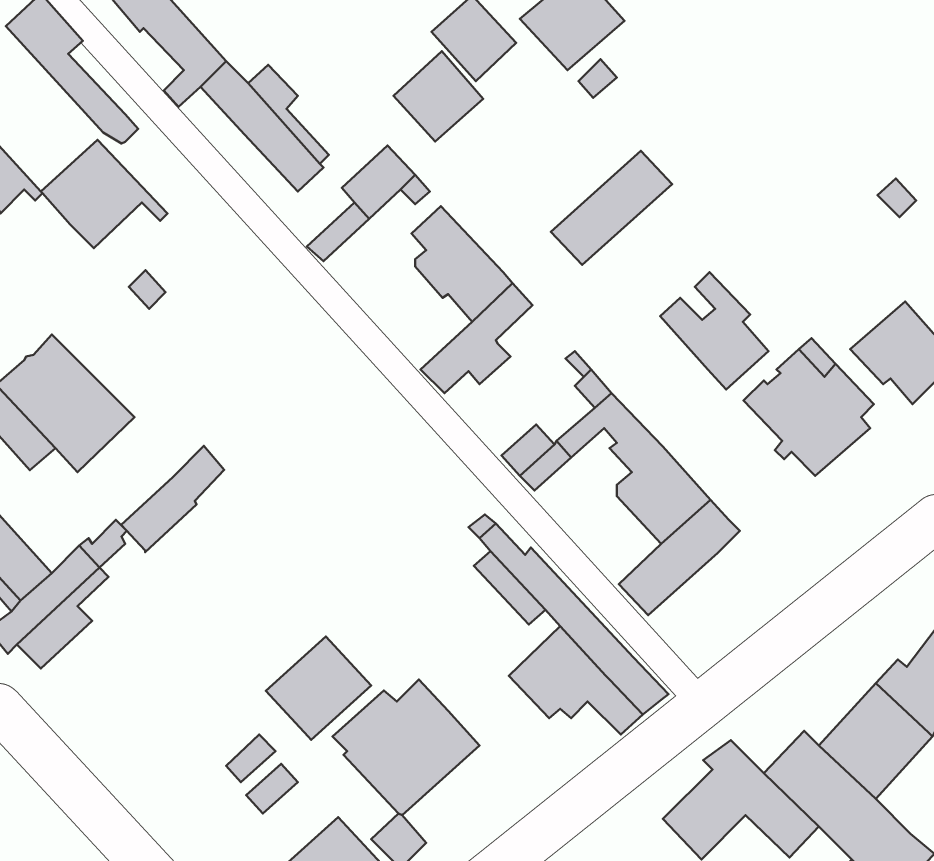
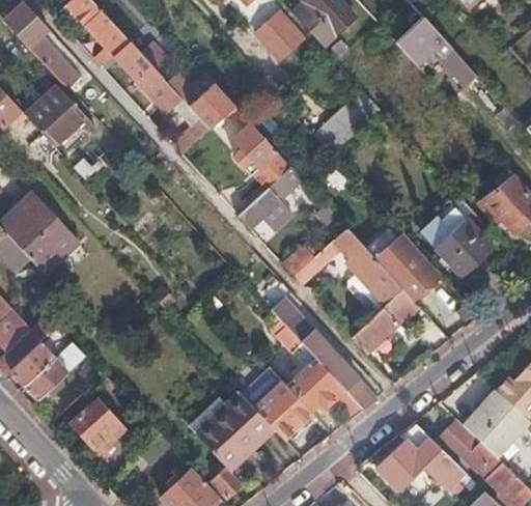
building: none -> [396,17,491,115]
building: [394,51,483,142] -> none
building: [660,272,768,390] -> [376,233,438,300]
building: [121,446,224,552] -> [25,339,83,399]
building: [266,637,371,740] -> none
building: none -> [255,381,314,440]
building: none -> [71,397,124,452]

